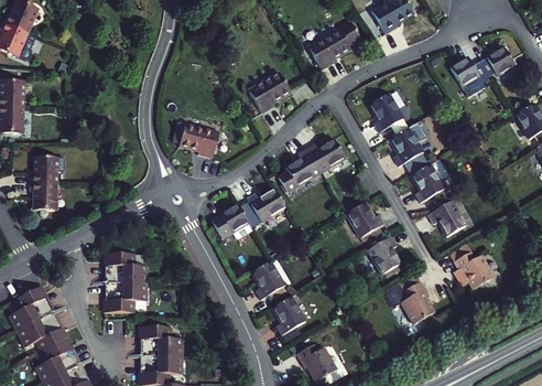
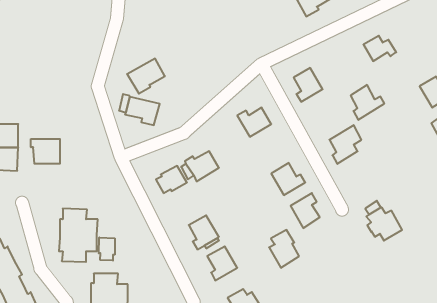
building: [308,21,360,68] -> none
building: [478,45,514,74] -> none
building: [248,72,291,111] -> [127,59,165,94]
building: [390,125,429,164] -> [351,85,384,120]
building: [279,146,321,190] -> none
building: none -> [31,139,60,164]
building: [426,199,466,235] -> none
building: [401,280,435,323] -> [269,230,299,268]
building: none -> [99,237,115,261]

